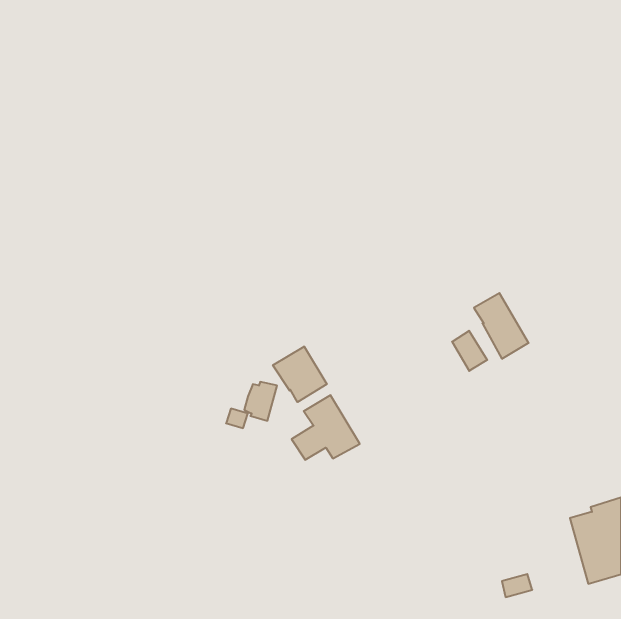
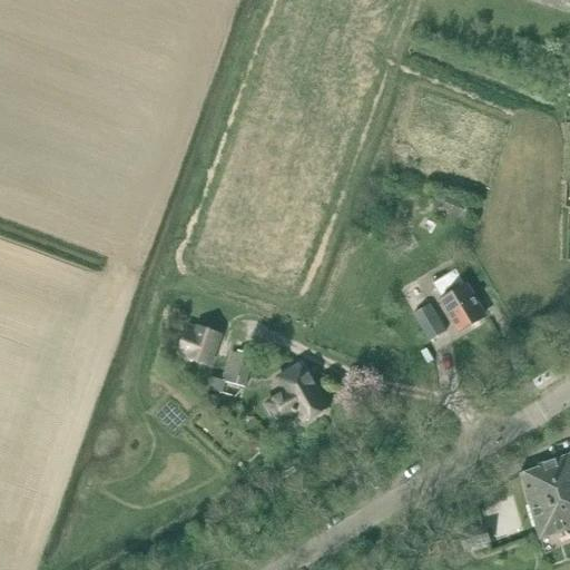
building: [273,346,327,402] -> none
building: none -> [180,325,220,362]

